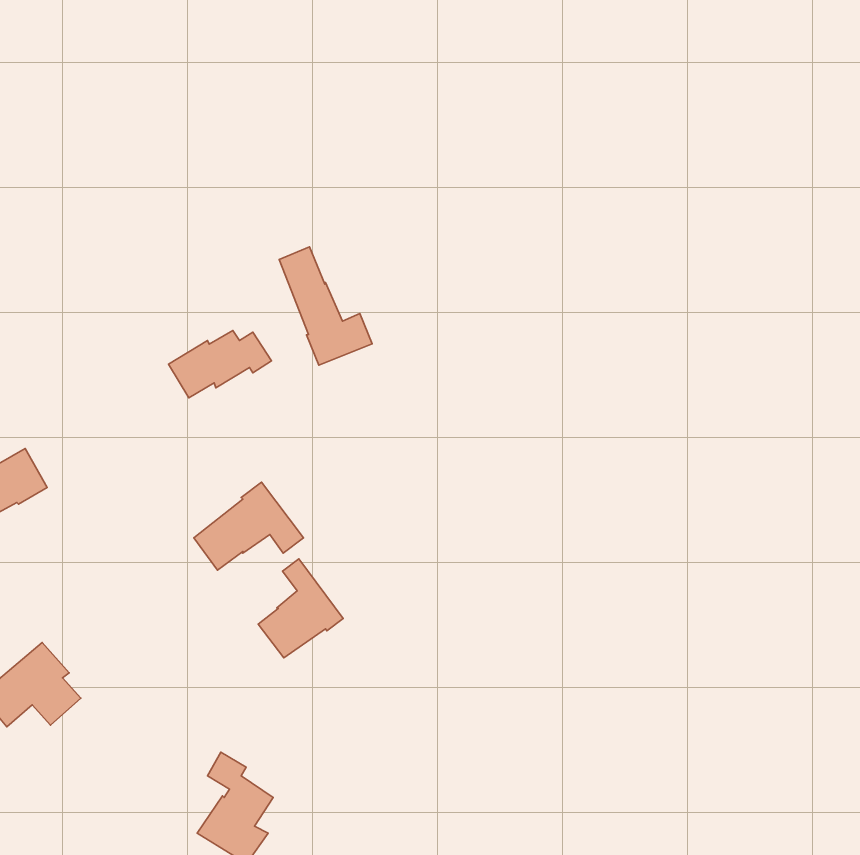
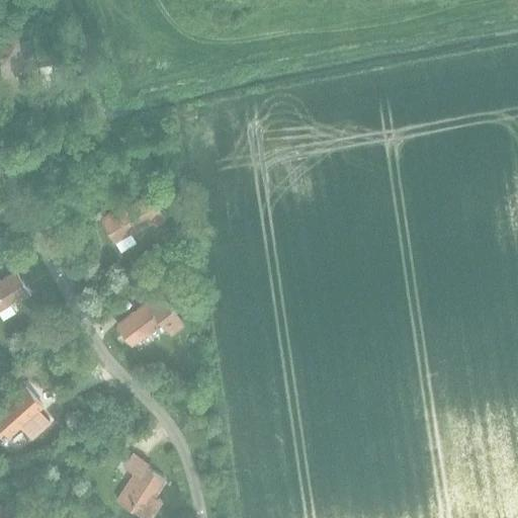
building: [279,247,372,365] -> none
building: [258,559,343,658] -> none

